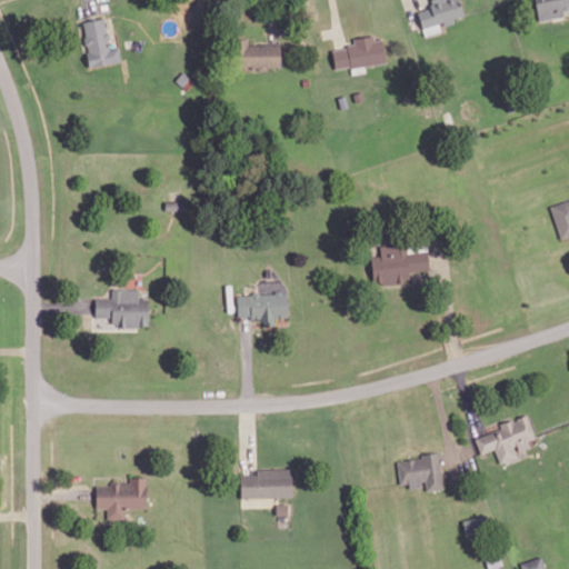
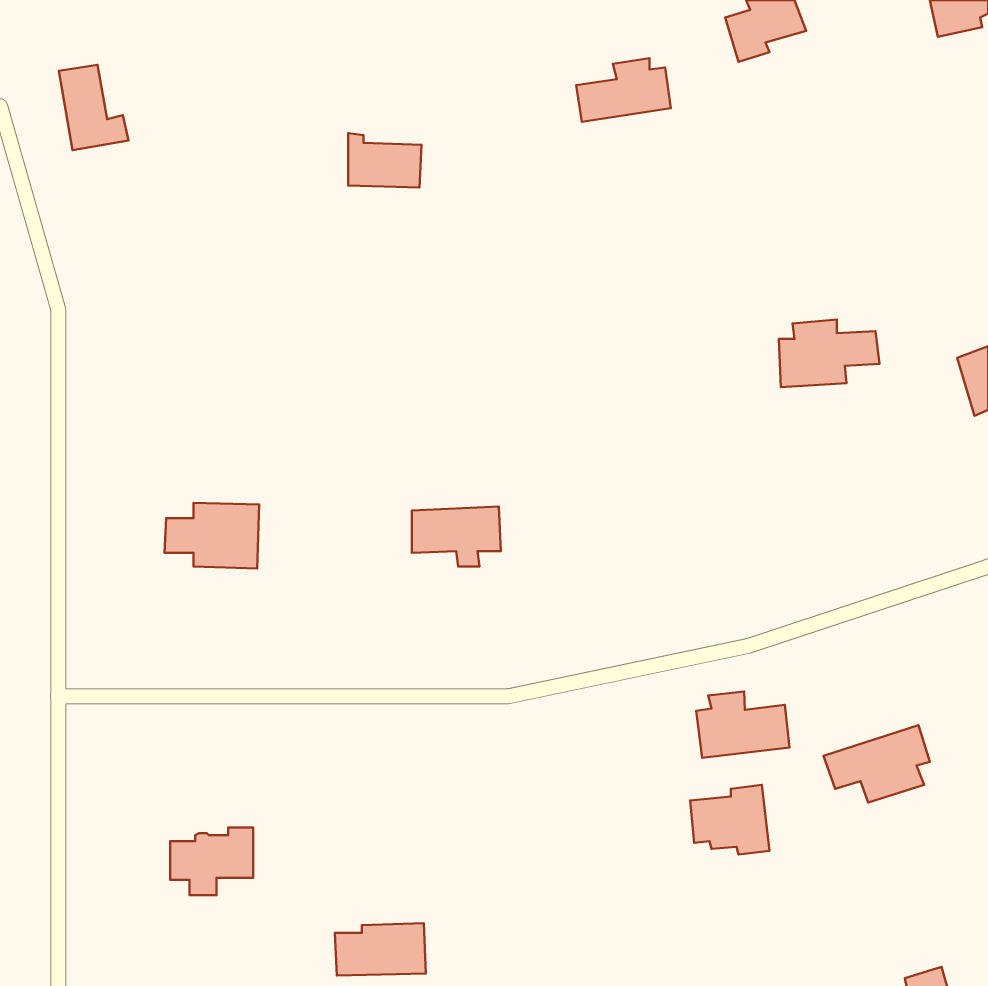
building: [81,19,121,68] -> [59,65,129,150]
building: [239,38,281,69] -> [348,133,422,187]
building: [371,246,429,284] -> [779,319,880,387]
building: none -> [696,692,790,758]
building: [240,469,292,499] -> [335,923,426,975]

